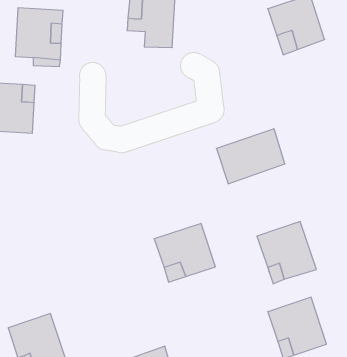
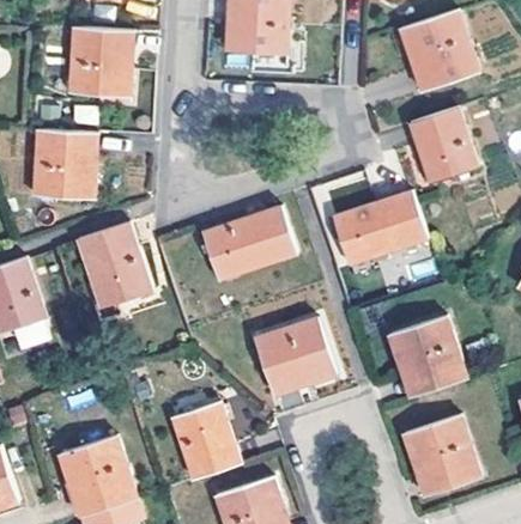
building: none -> [412,108,479,182]
building: none -> [204,207,296,280]
building: none -> [79,226,150,309]
building: none -> [170,403,238,481]

